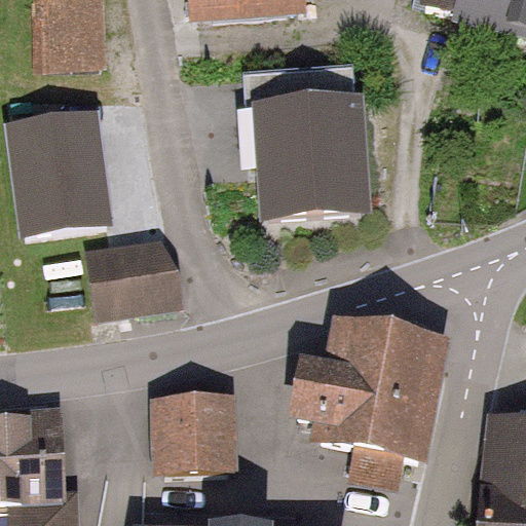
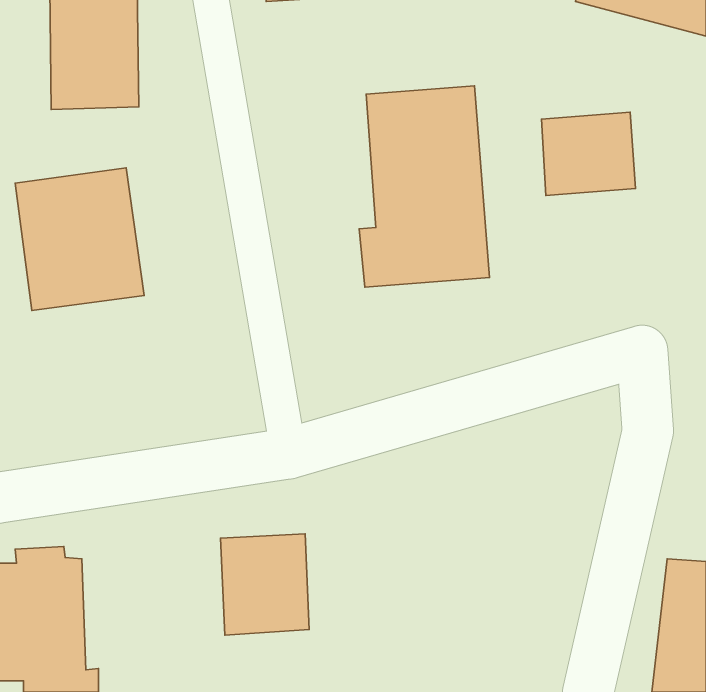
building: none -> [542,112,636,195]
building: [89,242,180,308] -> none
building: [297,326,440,480] -> none

